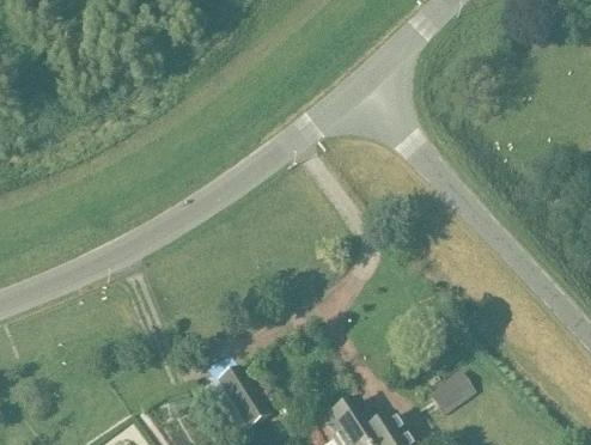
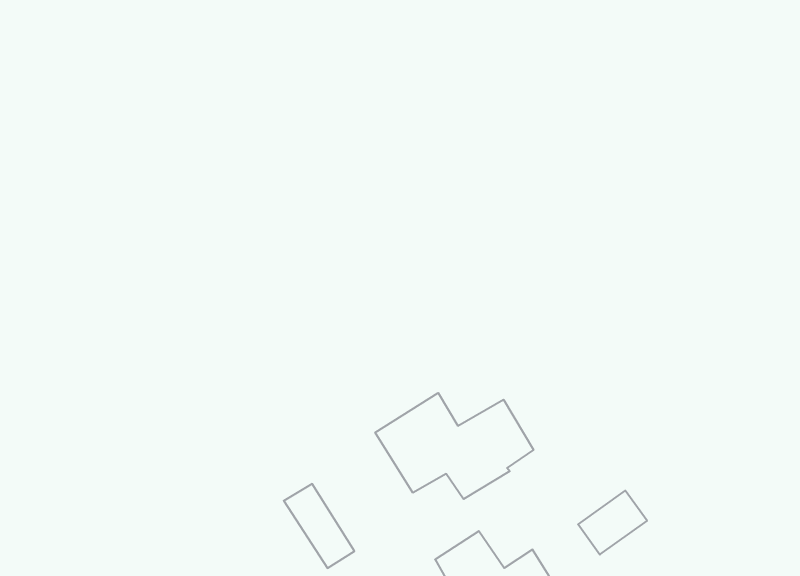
building: none -> [375,393,533,499]

